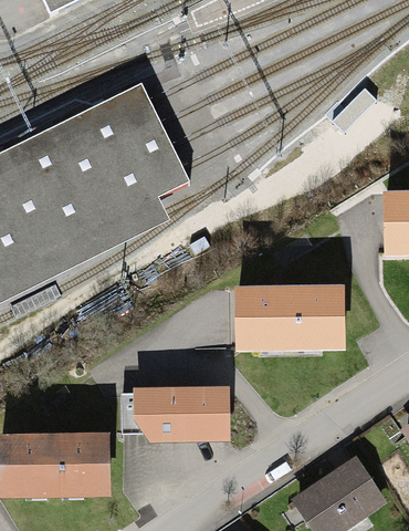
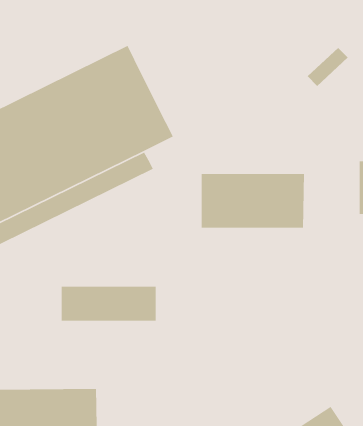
building: [239,295,349,354] -> [201,173,305,229]
building: [123,396,224,434] -> [61,286,156,321]

